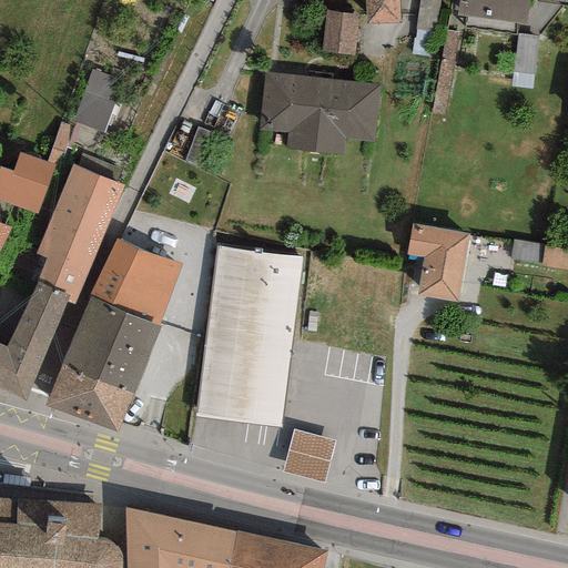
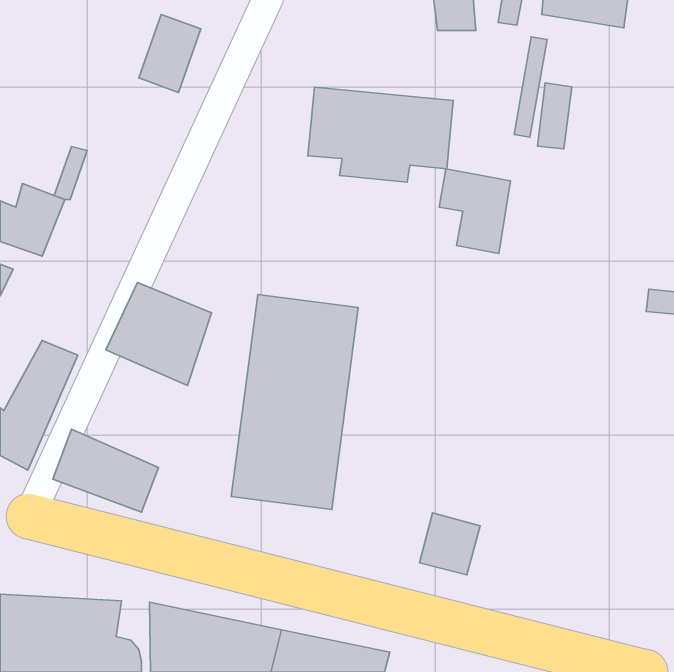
building: [317,14,355,59] -> none
building: [510,33,539,89] -> [537,83,572,149]
building: [72,69,124,134] -> [139,14,201,92]
building: [37,166,125,302] -> none
building: [408,227,468,298] -> [439,169,511,253]
building: [61,294,161,393] -> none
building: [284,430,335,483] -> [419,513,480,575]

